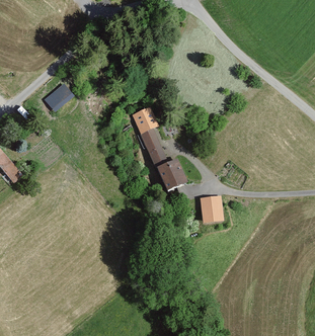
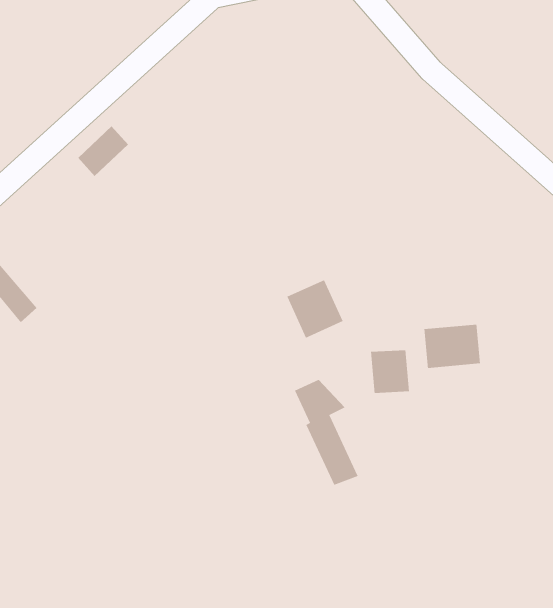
building: [133,109,167,166] -> [294,379,359,486]
building: none -> [424,324,480,369]

